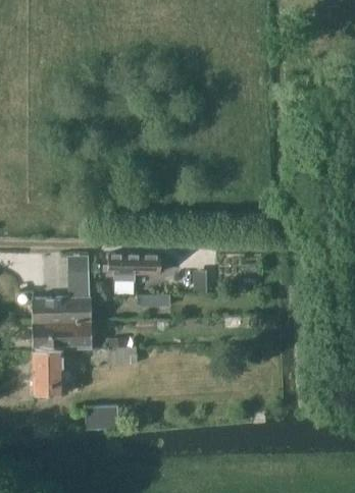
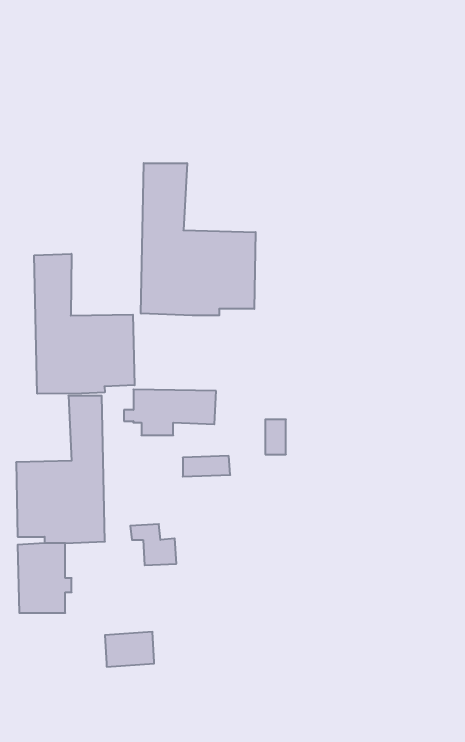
building: none -> [141,163,256,315]
building: none -> [34,254,135,394]

